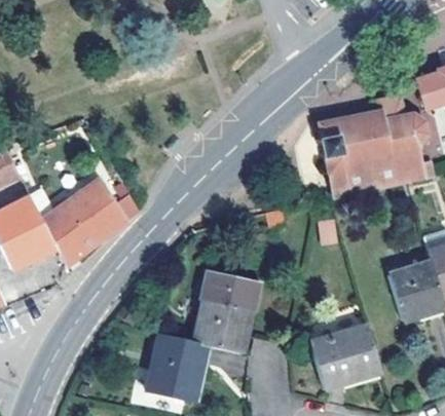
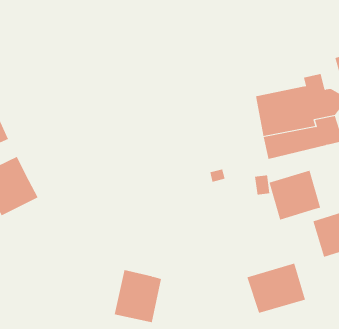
building: [41,179,138,265] -> none
building: none -> [269,170,321,221]
building: [194,270,260,352] -> none

